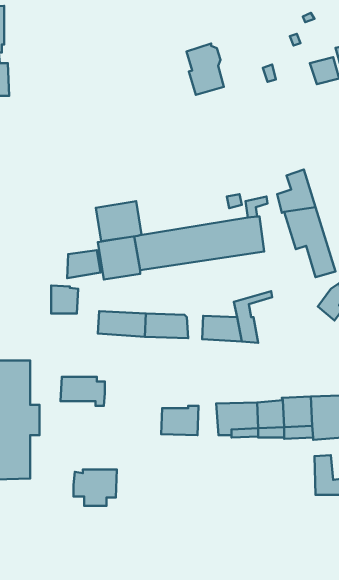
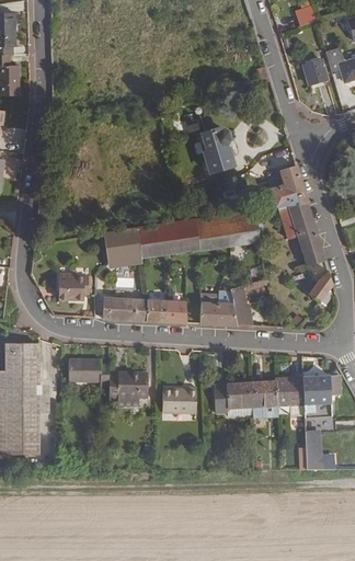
building: [186,43,224,95] -> [199,125,234,173]
building: [96,201,141,241] -> none
building: [67,250,100,278] -> none
building: [74,470,117,506] -> [107,371,148,405]

